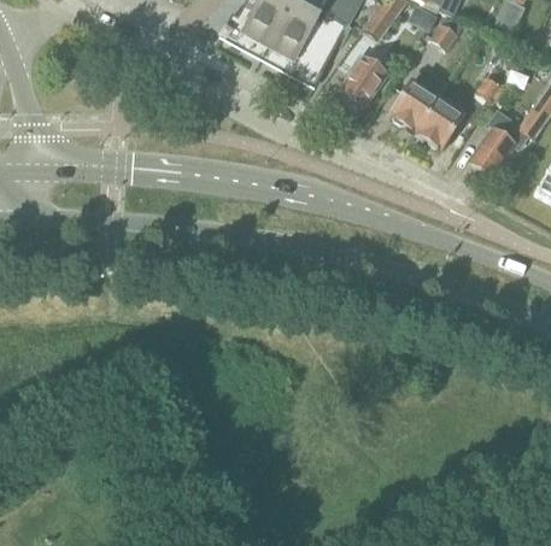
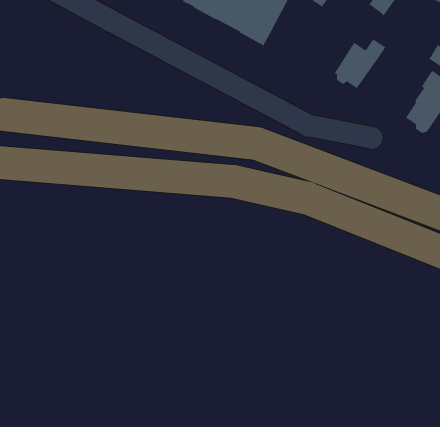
building: [340,55,388,106] -> none
building: [417,75,500,147] -> none

